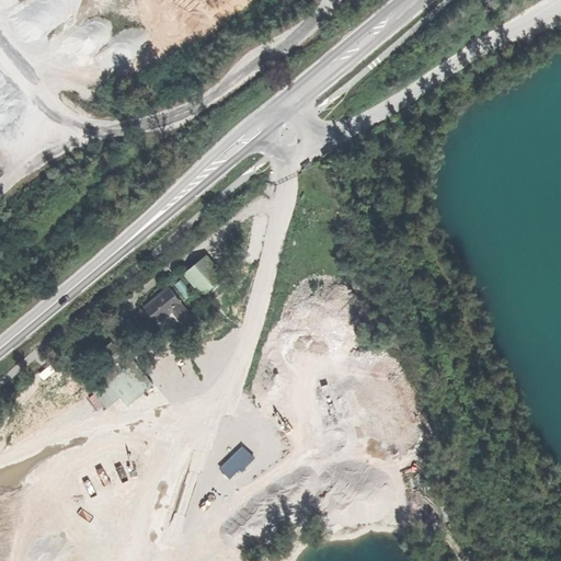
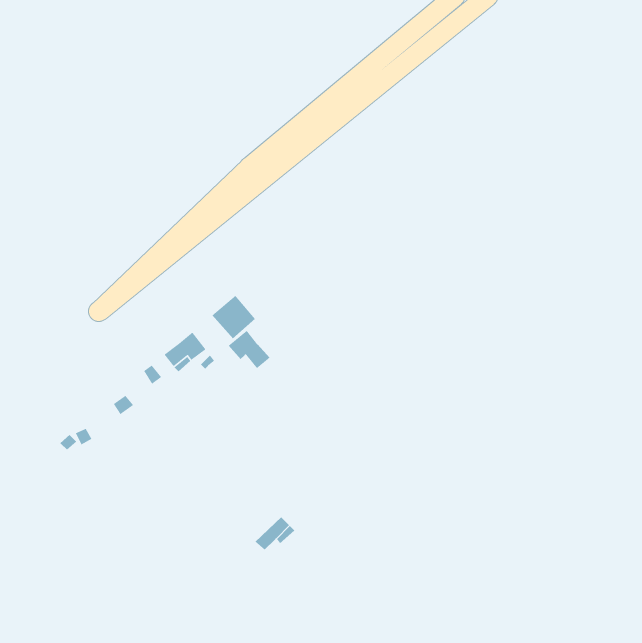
building: none -> [228,330,270,369]

